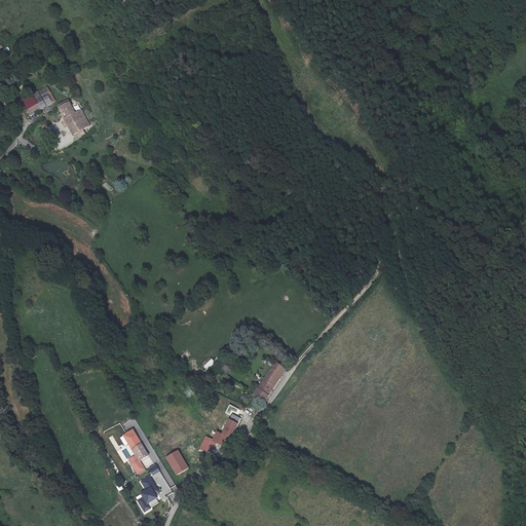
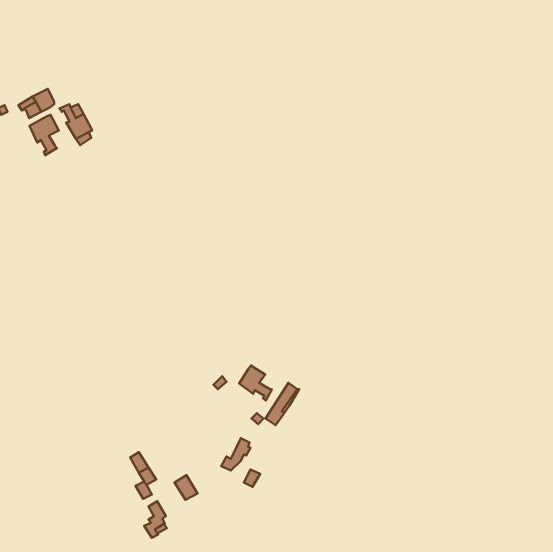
building: none -> [30,115,59,155]
building: none -> [239,365,272,401]

